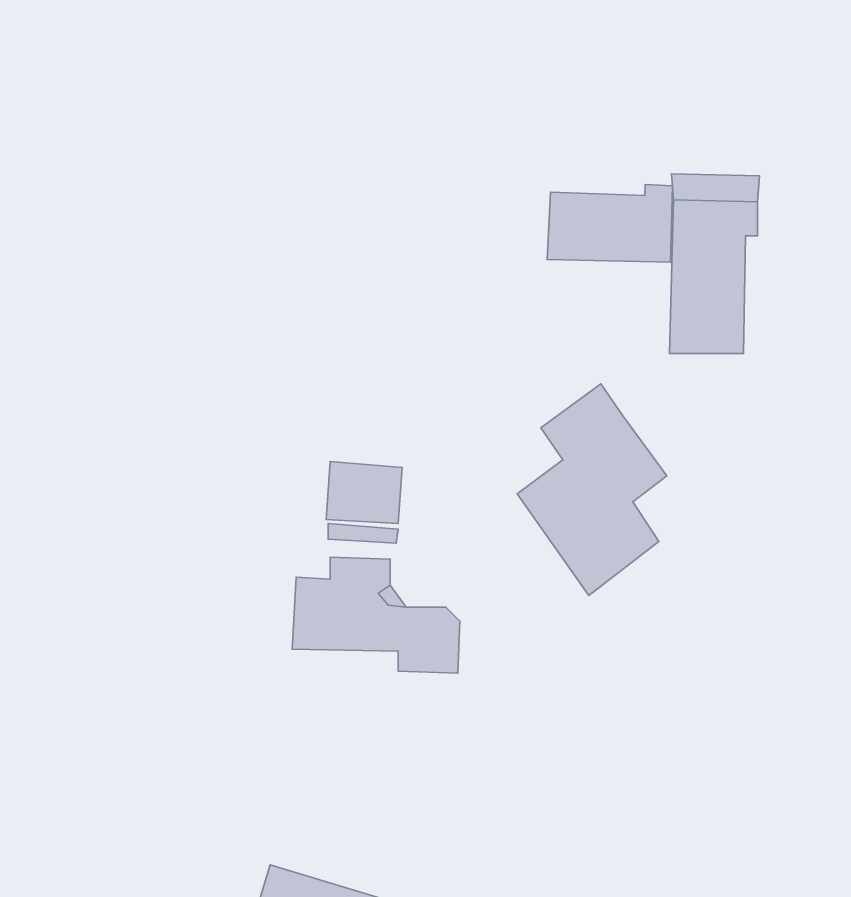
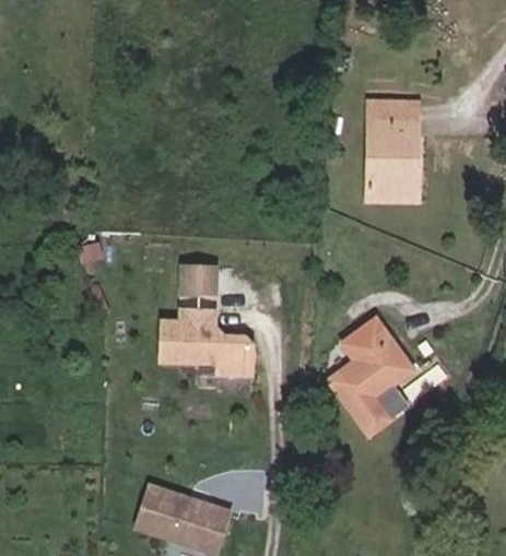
building: [547,185,672,262] -> none
building: [517,384,667,596] -> [329,321,411,437]

